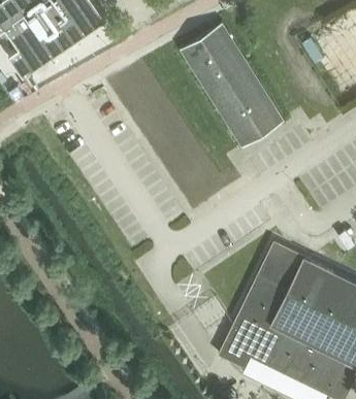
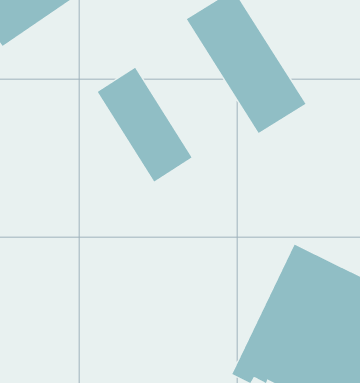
building: none -> [97,67,193,182]

